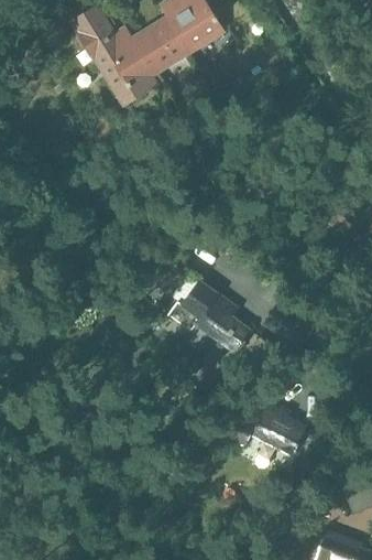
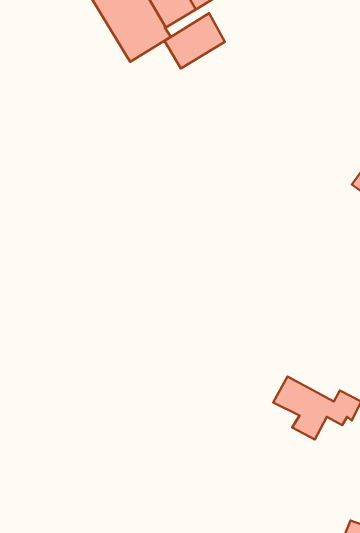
building: none -> [165,13,225,68]
building: [179,281,251,353] -> none

